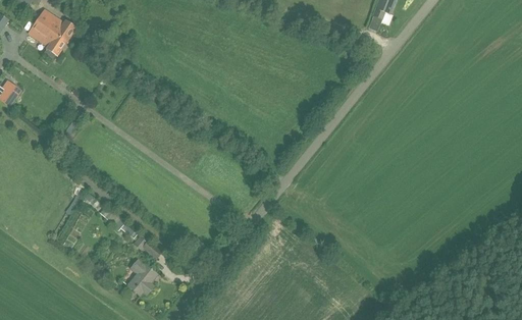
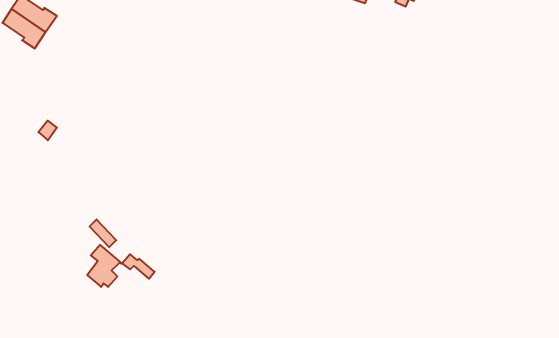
building: [126,259,157,296] -> [87,245,122,287]

